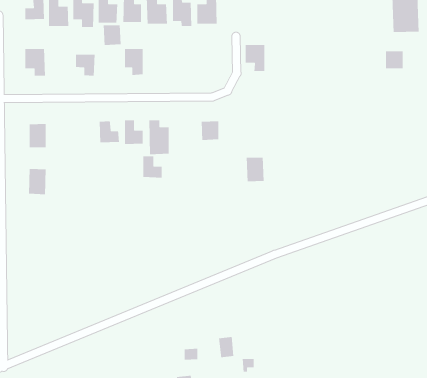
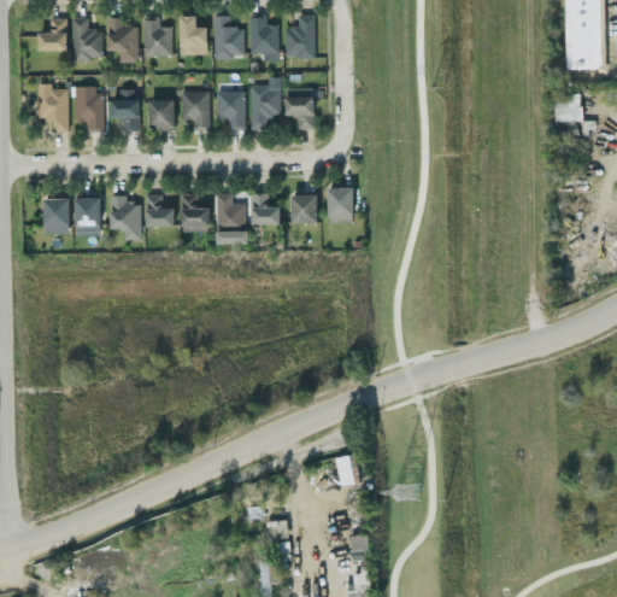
building: [103,25,121,46] -> [148,100,175,130]
building: [245,44,265,72] -> [284,88,313,128]
building: none -> [249,86,280,129]
building: none -> [216,90,245,128]
building: none -> [75,93,104,131]
building: none -> [110,195,141,240]
building: [142,156,163,178] -> [251,192,280,224]
building: [246,157,264,182] -> [327,187,353,223]
building: [28,168,47,195] -> [75,198,101,236]
building: [218,336,234,358] -> [335,453,358,485]

